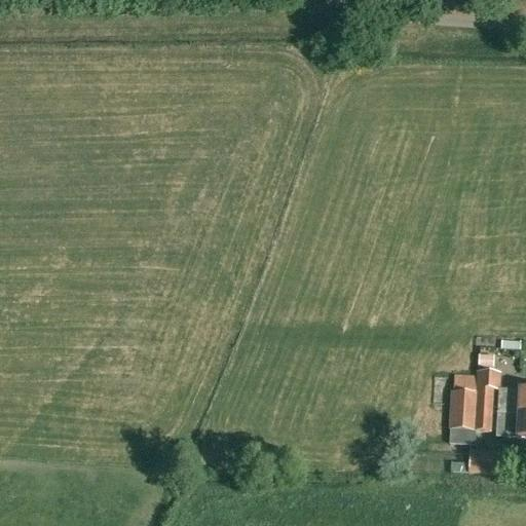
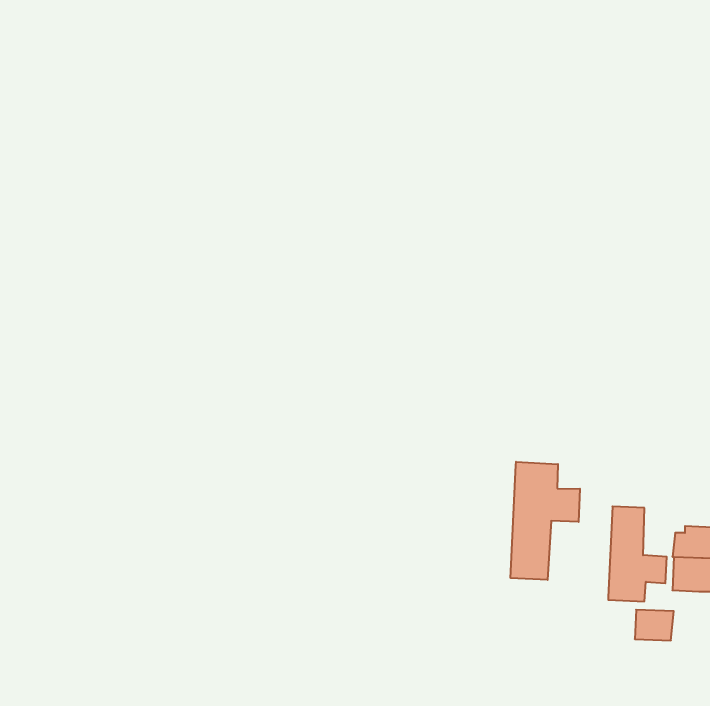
building: none -> [511,462,580,580]
building: [476,369,502,410] -> none

